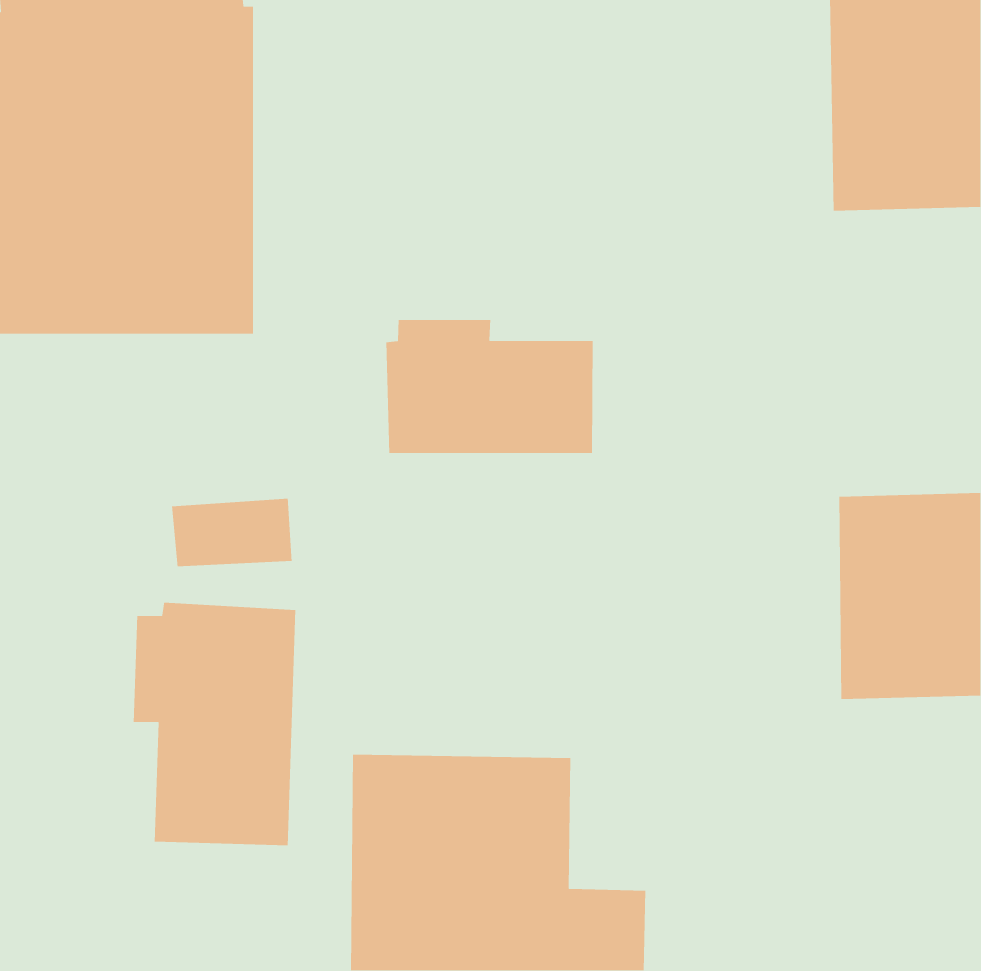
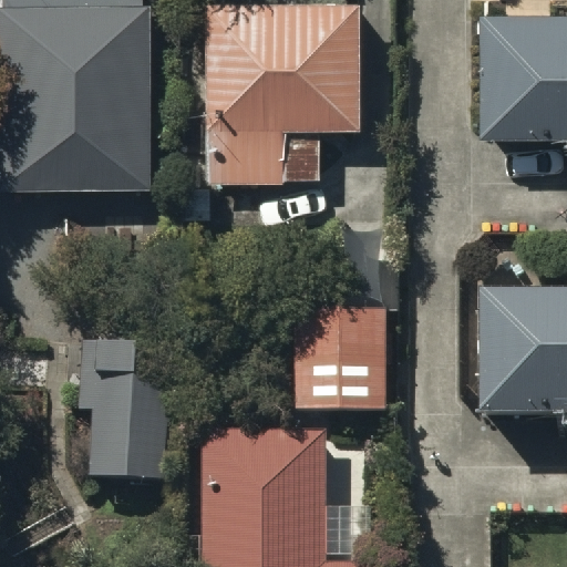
building: none -> [210,4,360,182]
building: [385,319,593,454] -> none
building: none -> [300,312,391,416]

